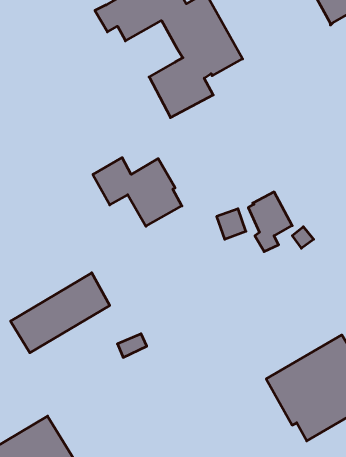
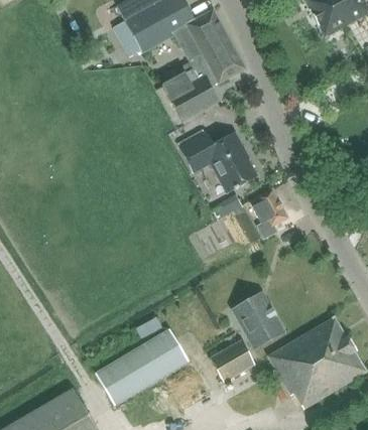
building: [93,158,182,226] -> [178,131,258,192]
building: [11,273,110,353] -> [98,330,187,402]
building: none -> [231,292,284,349]
building: none -> [210,339,256,383]

